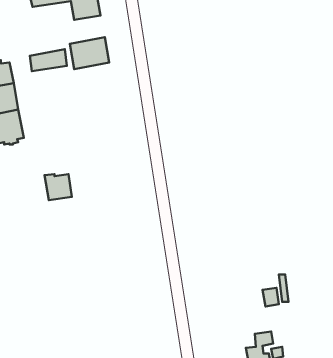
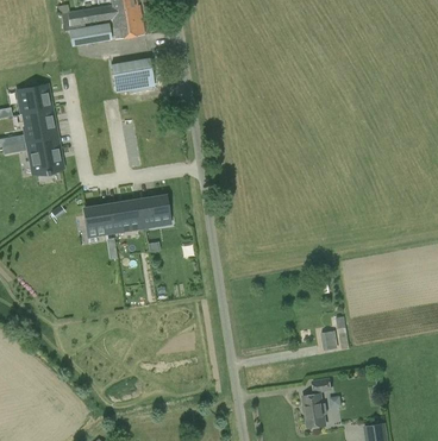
building: [30,49,67,71] -> [70,21,111,45]
building: none -> [140,194,169,226]
building: none -> [110,200,138,231]

